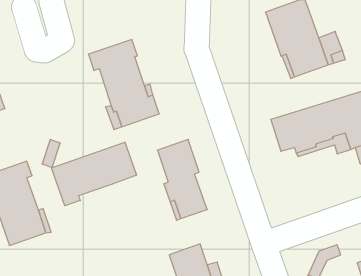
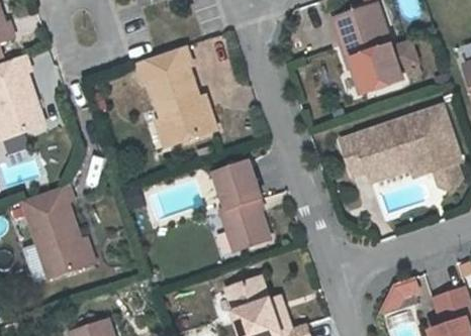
building: [51,142,136,206] -> none

